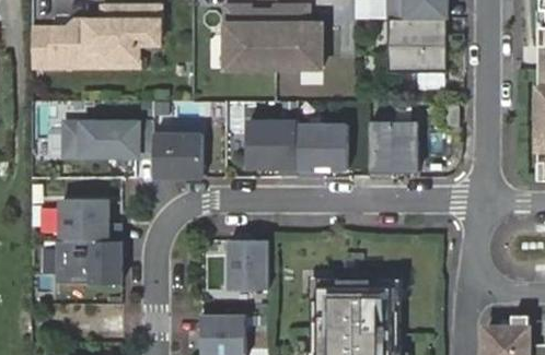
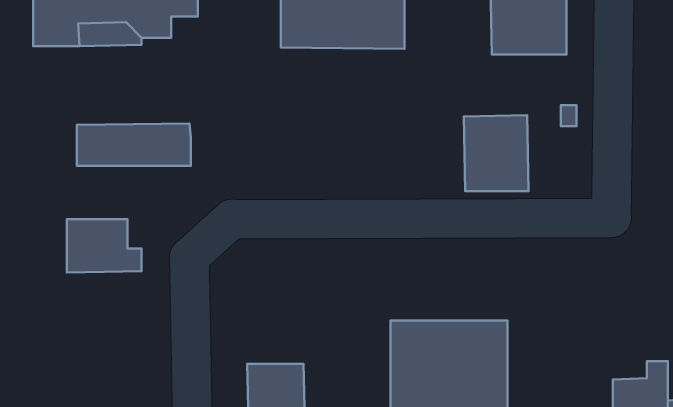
building: [243,121,293,173] -> none
building: [298,125,348,169] -> none
building: [155,138,205,181] -> none
building: [225,239,266,289] -> none
building: [56,241,120,283] -> none

